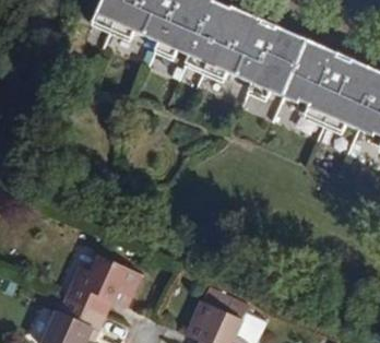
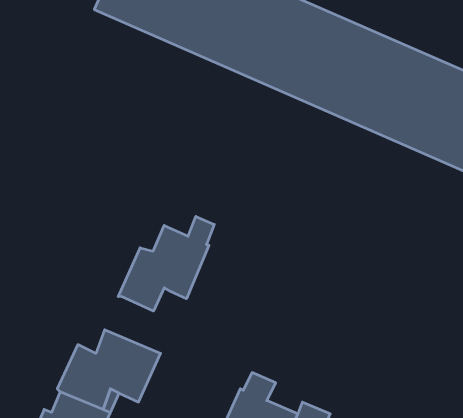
building: none -> [118,216,214,311]

